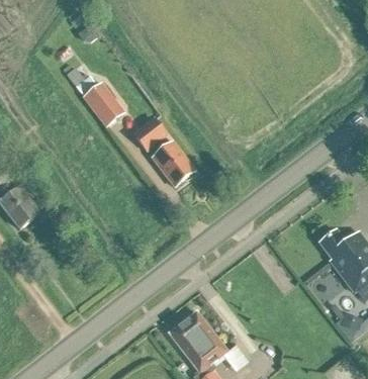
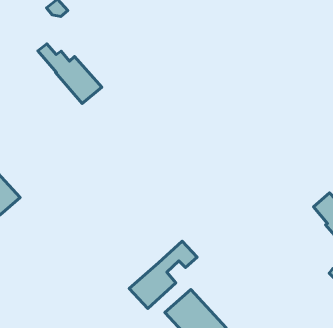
building: [132,117,196,189] -> none
building: none -> [129,241,197,309]

